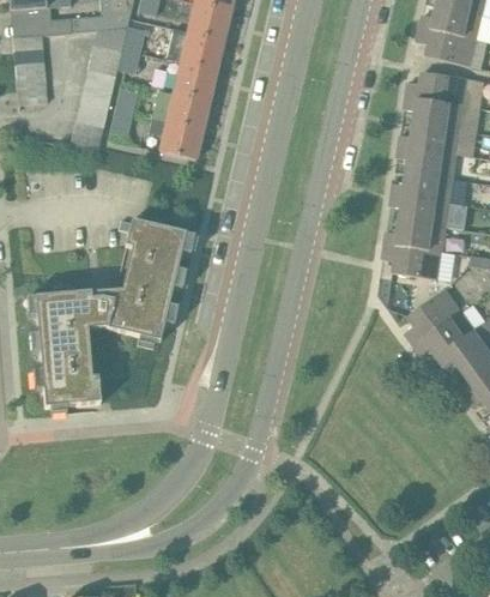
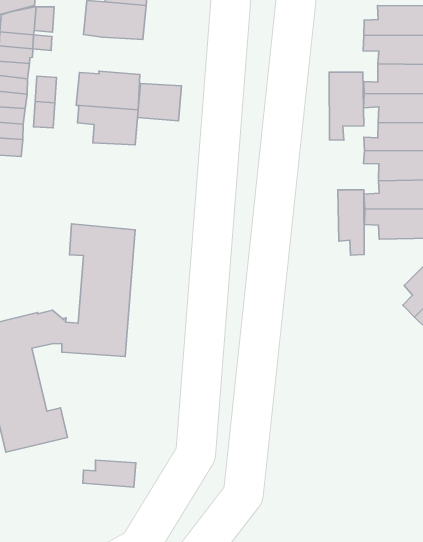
building: [174,62,216,100] -> [137,83,181,121]
building: none -> [329,72,364,140]
building: none -> [338,190,364,255]
building: none -> [83,460,136,487]

